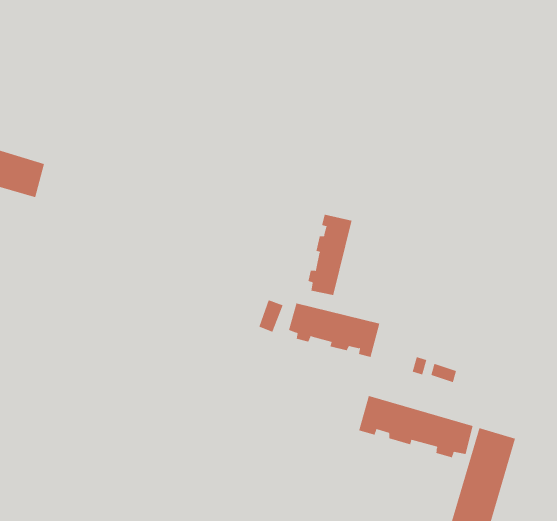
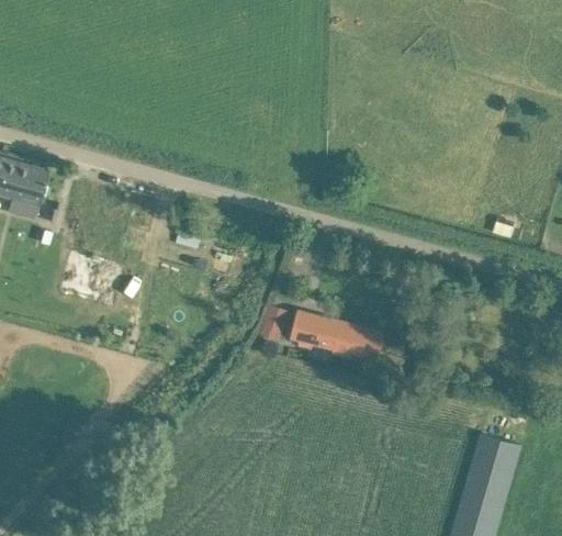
building: [308,214,352,296] -> none
building: [358,395,473,458] -> none

